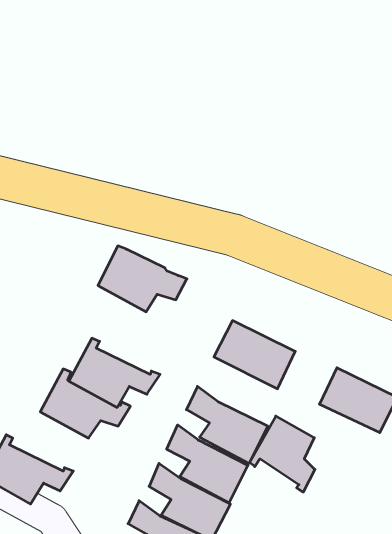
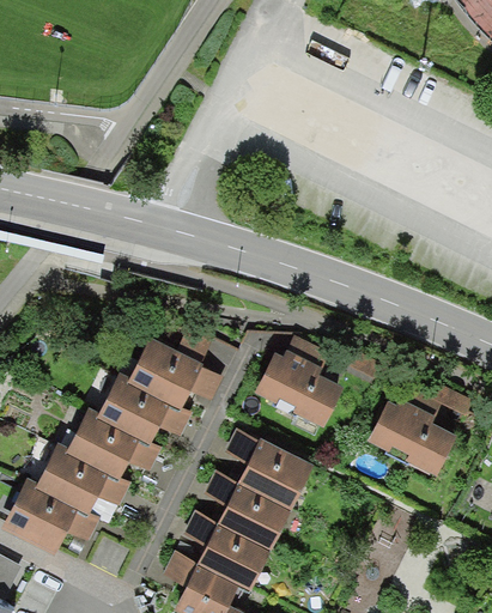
building: [98,246,187,312] -> [128,338,225,409]
building: none -> [35,441,134,516]
building: [249,416,315,492] -> none

